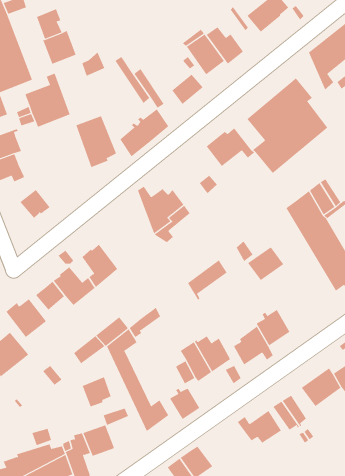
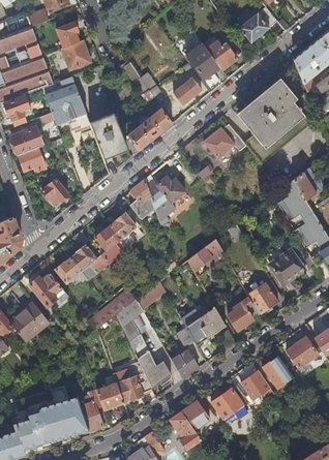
building: none -> [129,179,156,222]
building: none -> [111,213,136,247]
building: [247,246,284,281] -> [271,252,303,282]
building: [82,376,112,407] -> [117,375,143,402]
building: none -> [211,389,247,420]

